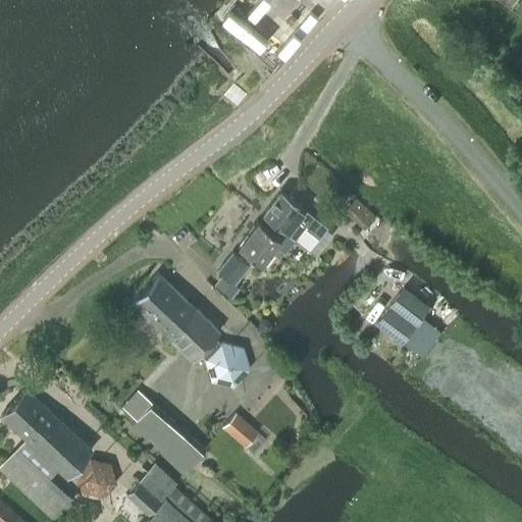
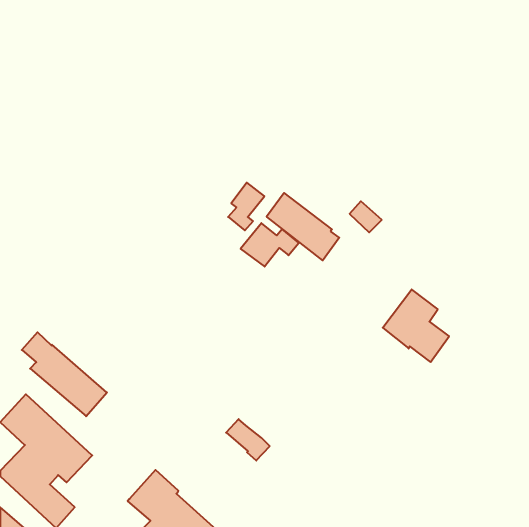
building: [214,253,250,300] -> [228,183,264,230]
building: [132,274,249,387] -> none
building: [122,392,206,474] -> [22,332,107,416]
building: [77,461,115,499] -> none

